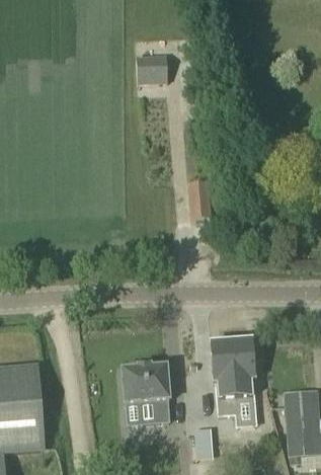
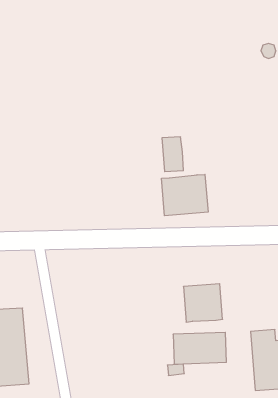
building: [137,56,167,84] -> none
building: none -> [162,174,208,216]
building: [123,367,169,424] -> none

